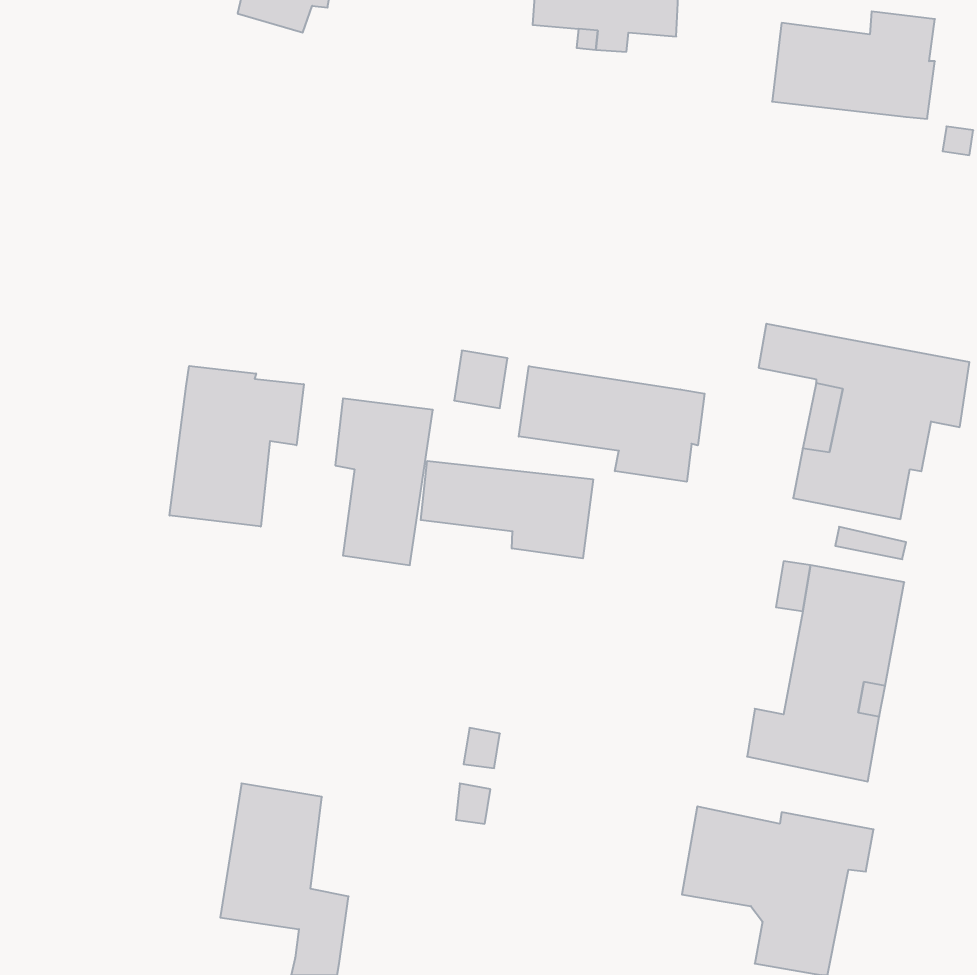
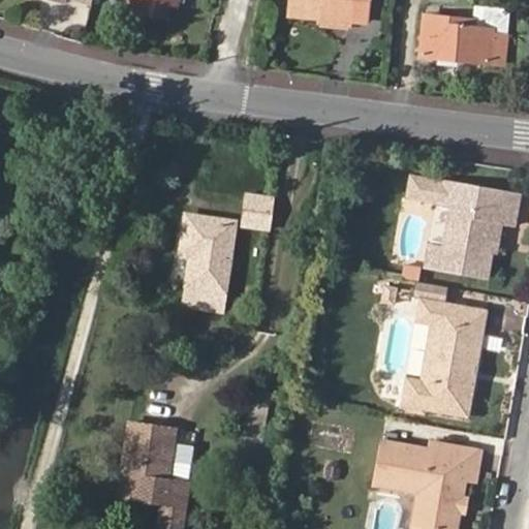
building: [170,366,304,527] -> none
building: [519,366,705,482] -> none
building: [421,461,593,558] -> none

